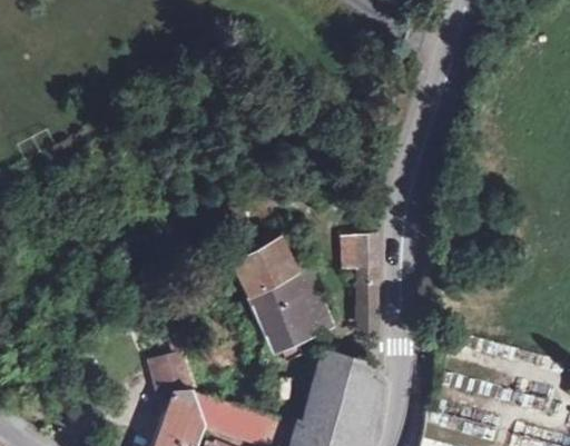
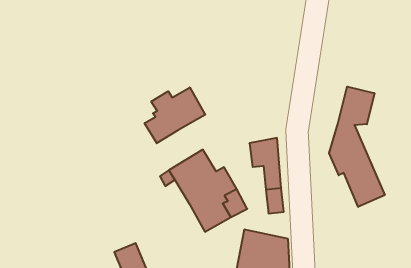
building: none -> [145,87,205,143]
building: none -> [329,87,385,207]

